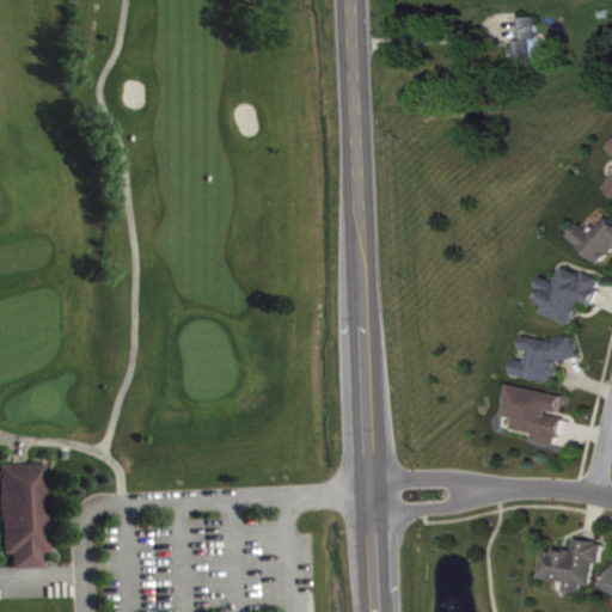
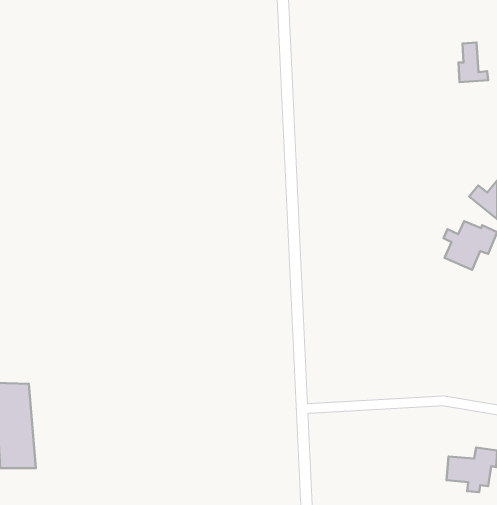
building: [509,17,545,65] -> [459,42,488,82]
building: [508,335,574,382] -> none
building: [500,385,561,447] -> none

